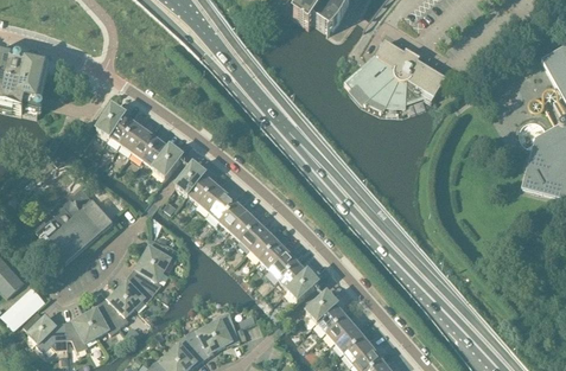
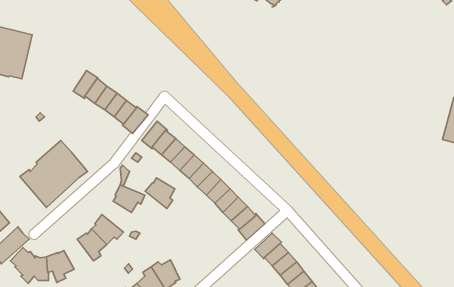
building: [345,40,446,109] -> none
building: [129,257,164,293] -> [145,178,175,209]
building: [85,301,120,335] -> none
building: [209,311,240,347] -> none

